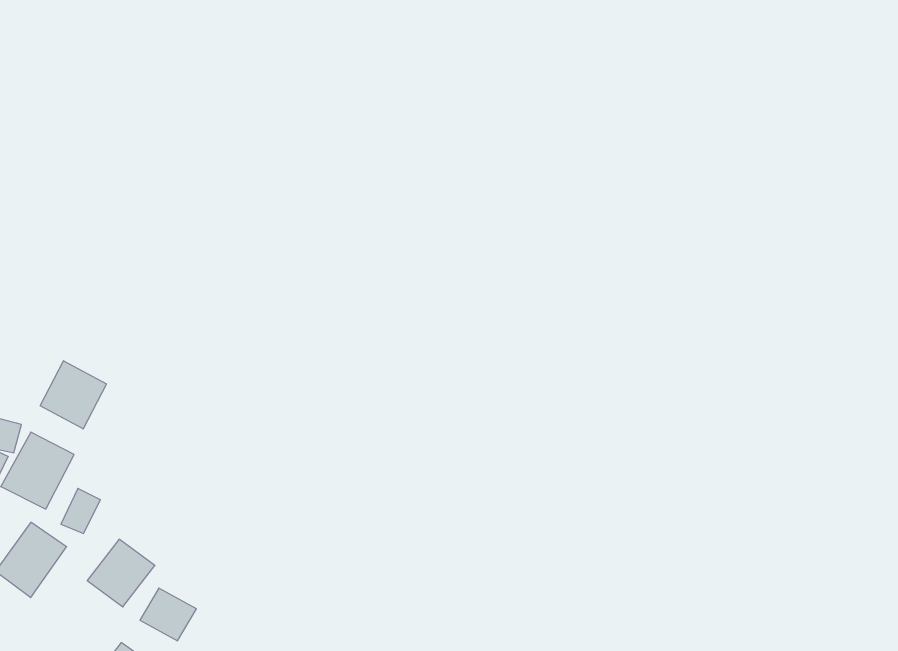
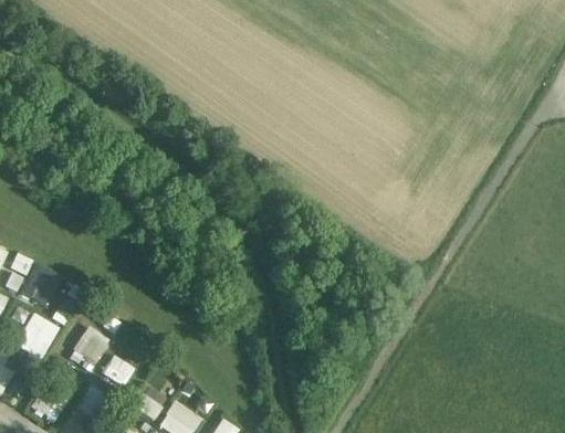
building: [40,361,106,429] -> none

